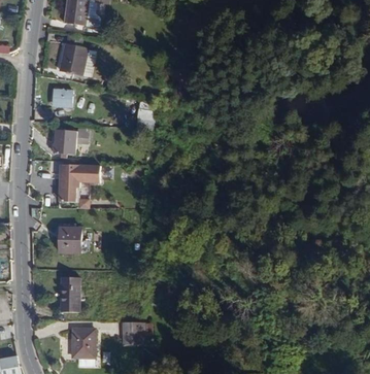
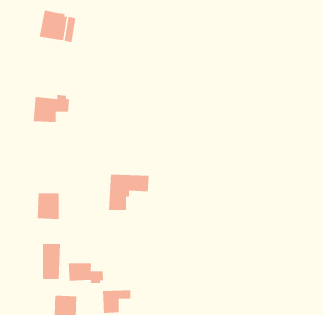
building: [52,89,72,107] -> none
building: [58,165,99,201] -> [108,174,149,210]
building: none -> [68,263,104,284]

